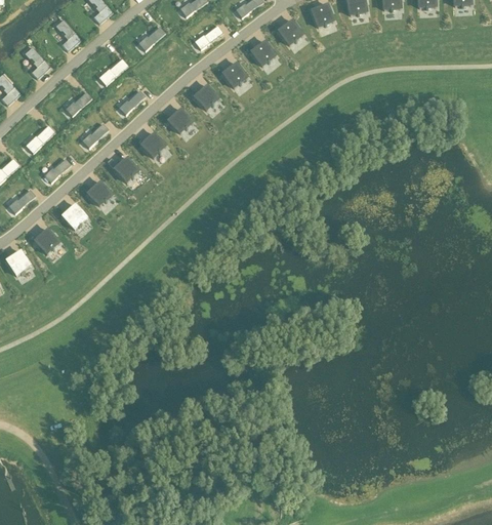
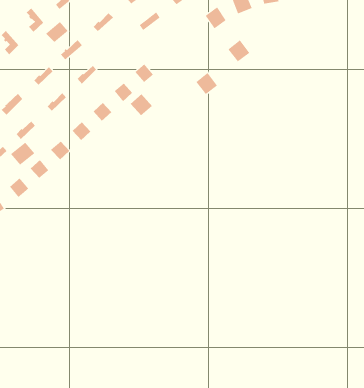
building: none -> [45,21,69,43]
building: [249,38,277,66] -> [228,40,250,62]
building: [220,59,248,87] -> [195,72,218,95]
building: none -> [130,94,153,116]
building: none -> [10,142,35,166]

